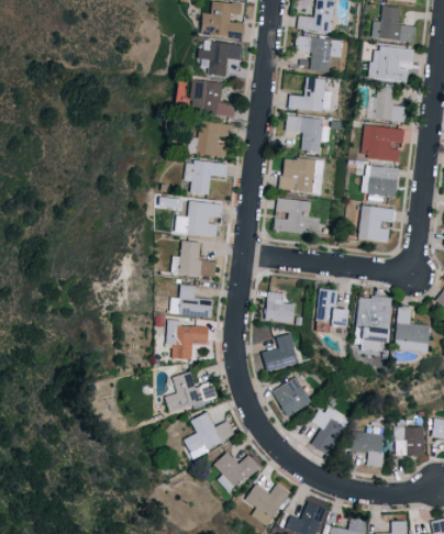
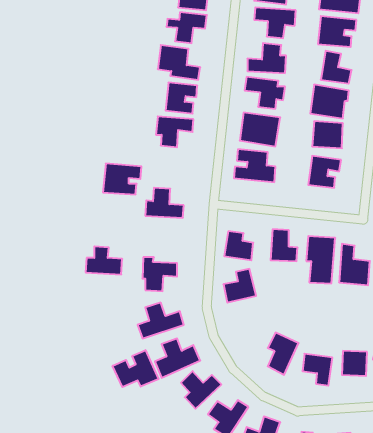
building: [179,201,223,236] -> [103,164,141,194]
building: [170,285,212,316] -> [86,246,122,274]
building: [273,378,311,416] -> none
building: none -> [113,350,159,387]

